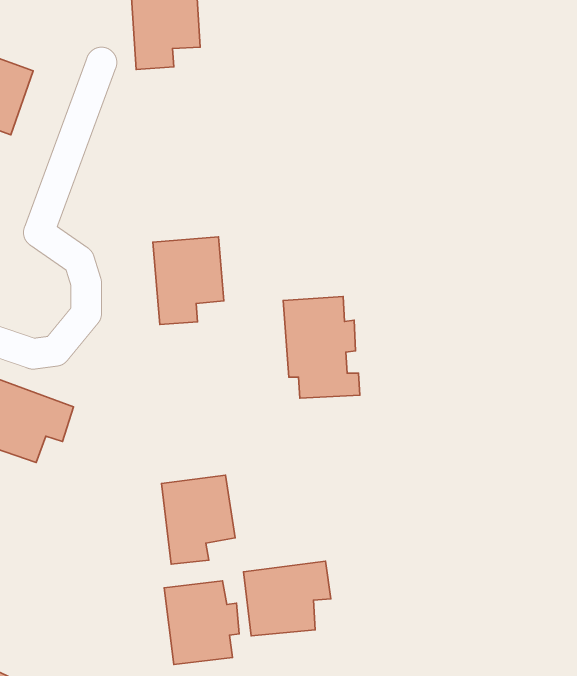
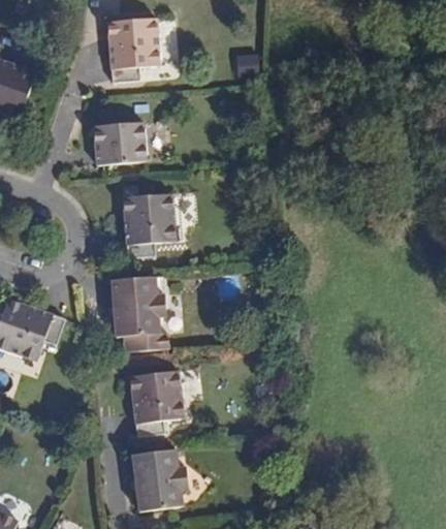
building: none -> [93,122,146,164]
building: [283,296,360,398] -> [112,275,168,350]
building: [243,561,331,636] -> none

